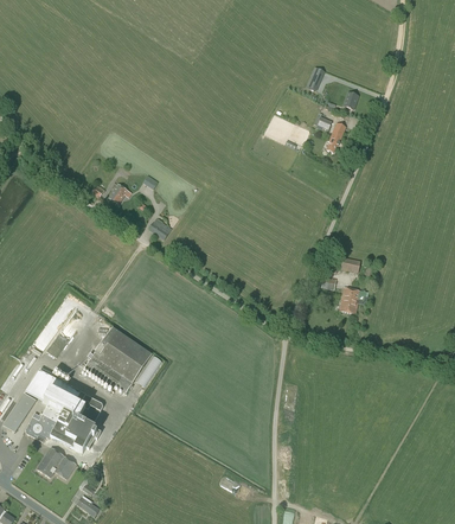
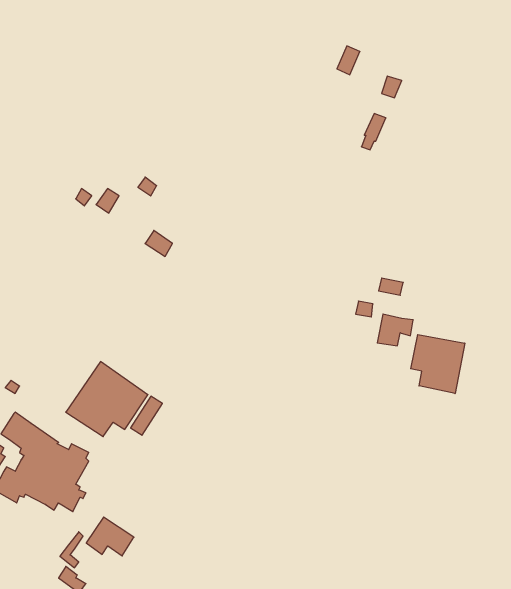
building: none -> [411,335,465,394]
building: [37,447,76,479] -> [86,517,134,556]

